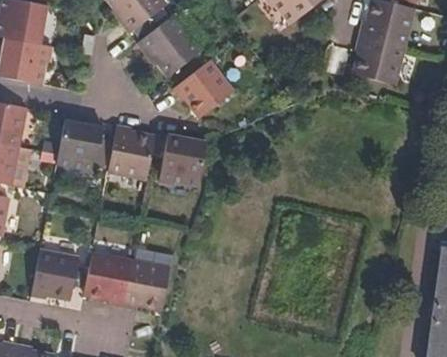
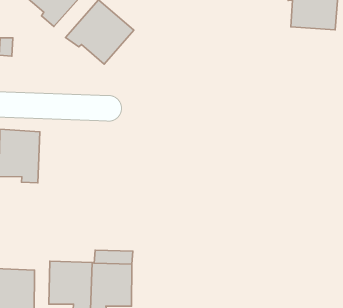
building: [181,60,240,116] -> none
building: [109,126,154,180] -> none
building: [159,136,206,187] -> none

